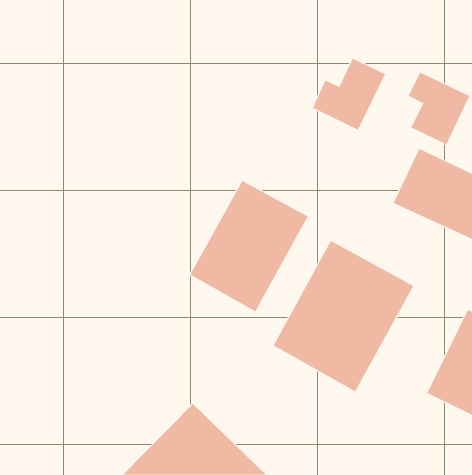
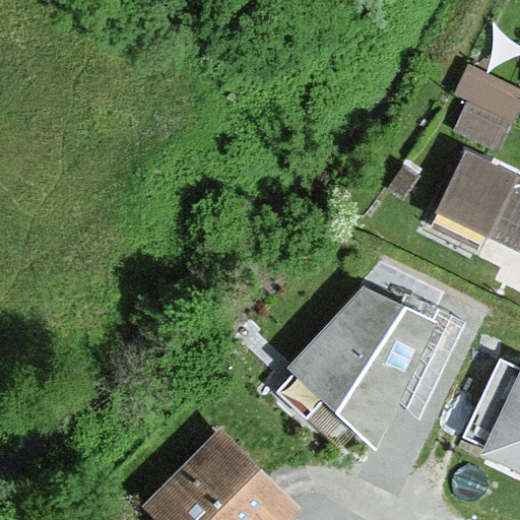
building: [312,58,386,130] -> none
building: [189,180,308,312] -> none

